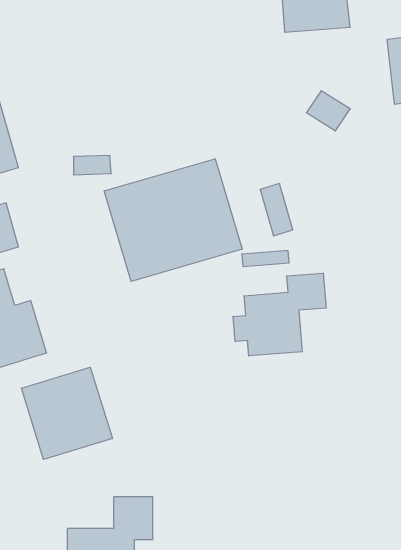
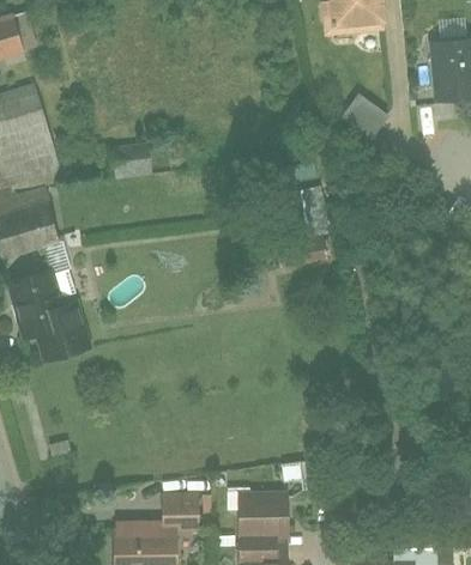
building: [104,159,242,281] -> none
building: [233,273,326,356] -> none
building: [21,367,112,459] -> none
building: none -> [234,491,285,536]

